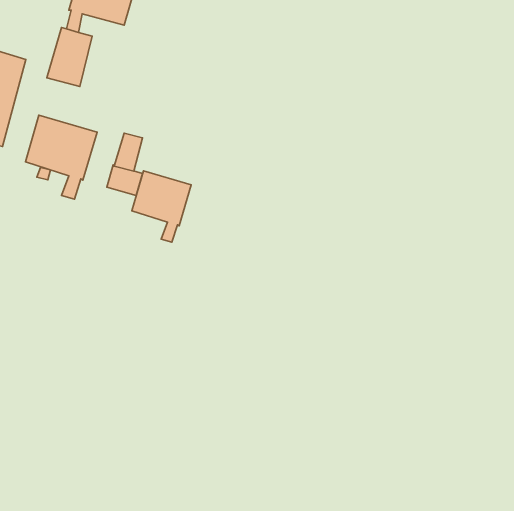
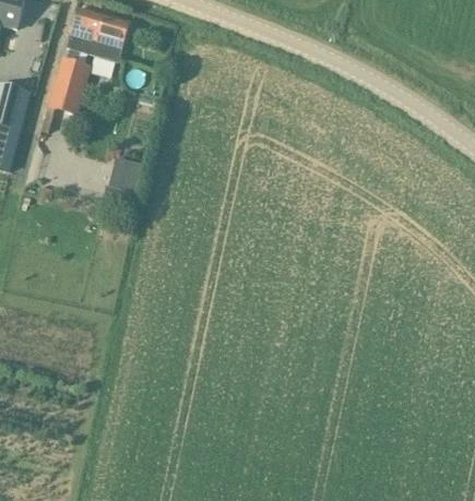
building: [25,115,97,199] -> none
building: [132,171,191,242] -> none

